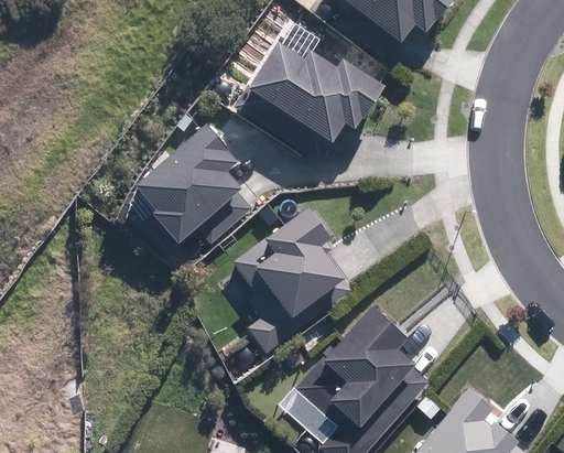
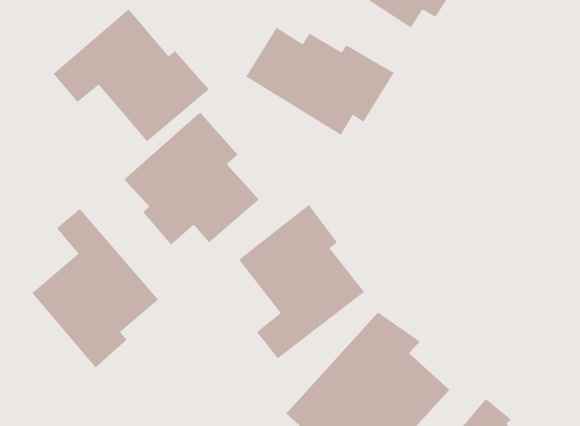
building: none -> [53,8,210,142]
building: none -> [31,208,159,368]

